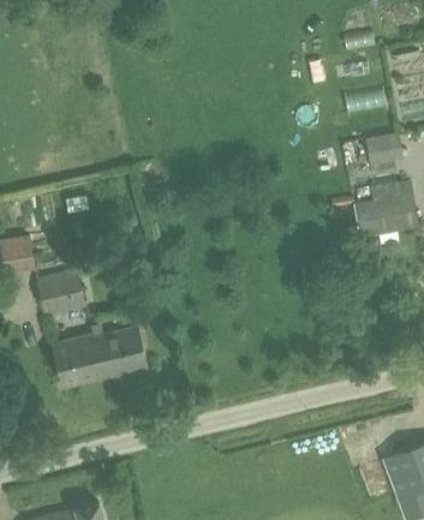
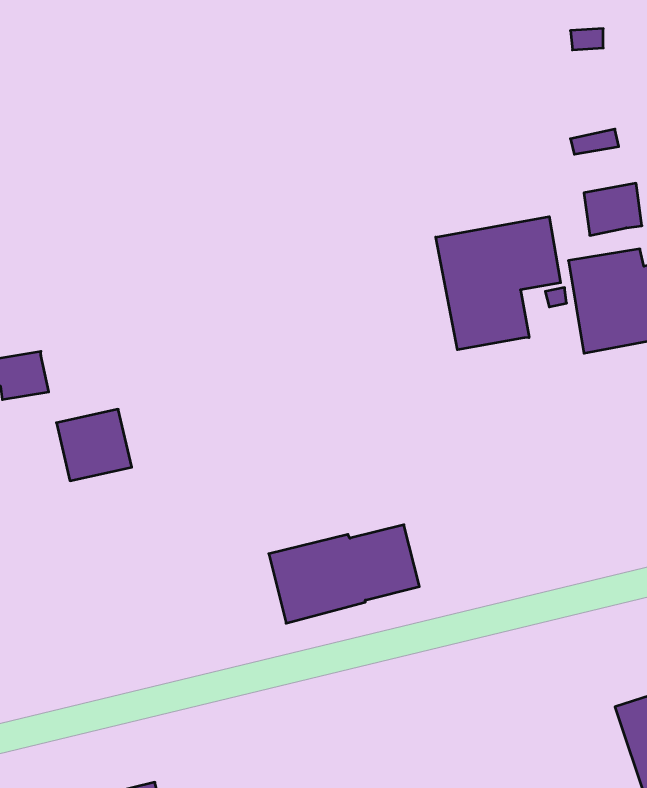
building: none -> [436,217,561,350]
building: [54,327,148,388] -> [269,525,419,623]

